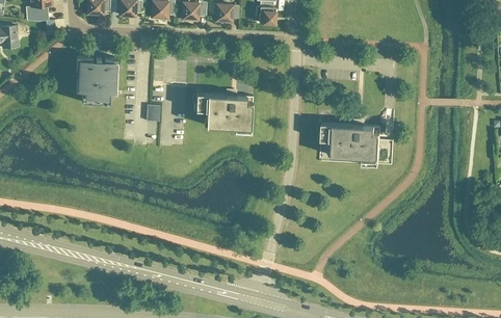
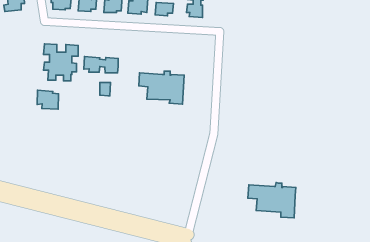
building: none -> [84,56,118,73]
building: none -> [37,90,59,109]
building: [319,121,379,165] -> [248,182,296,218]

